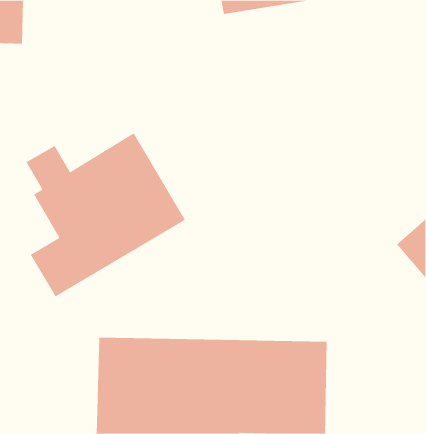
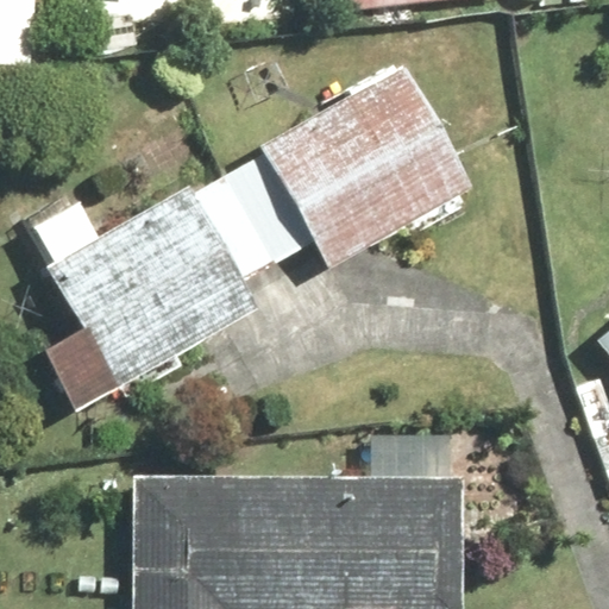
building: none -> [259,64,472,271]

